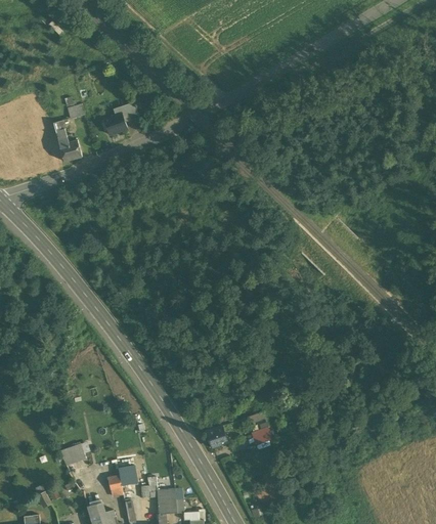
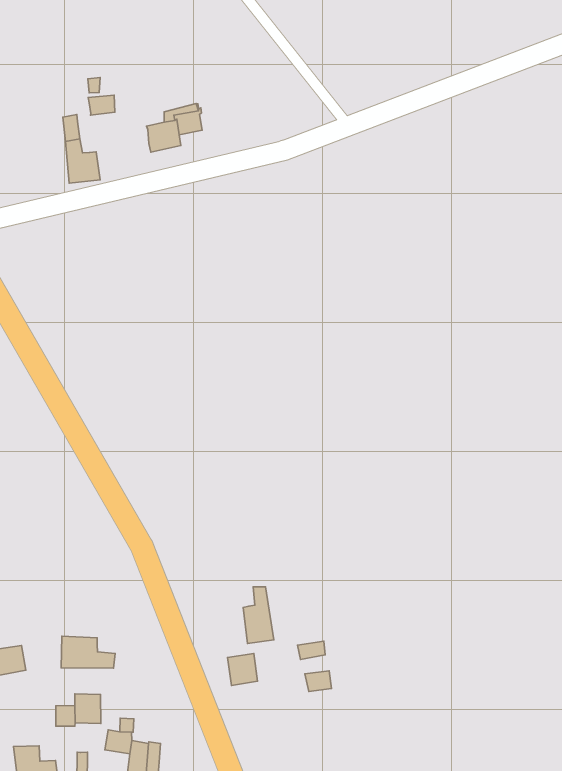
building: none -> [243,587,274,644]
building: none -> [61,636,115,668]

